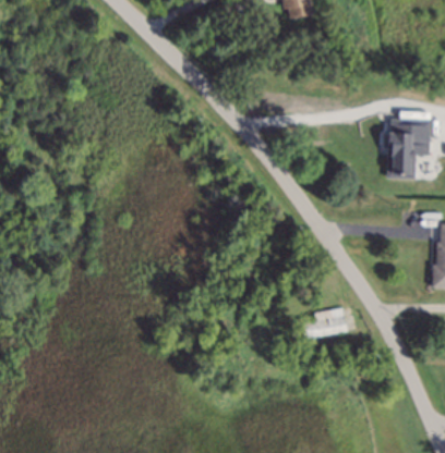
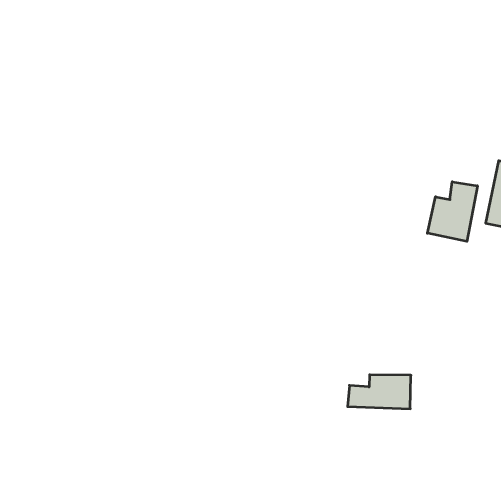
building: none -> [427,182,477,241]

